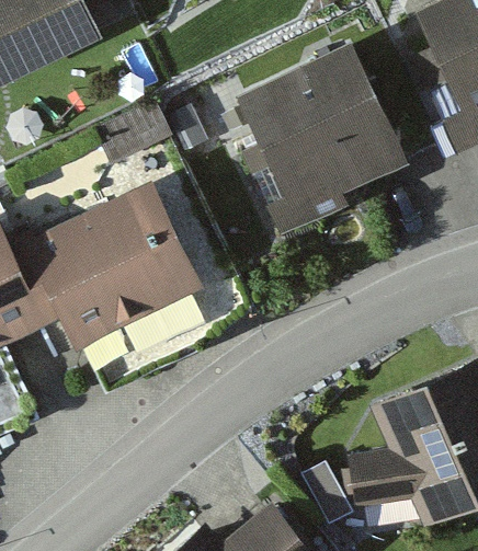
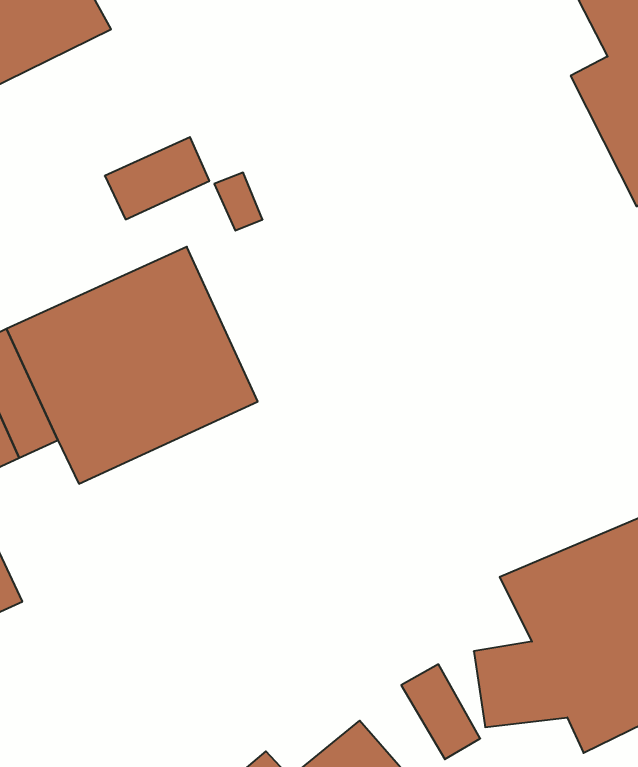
building: [238,41,409,236] -> none

